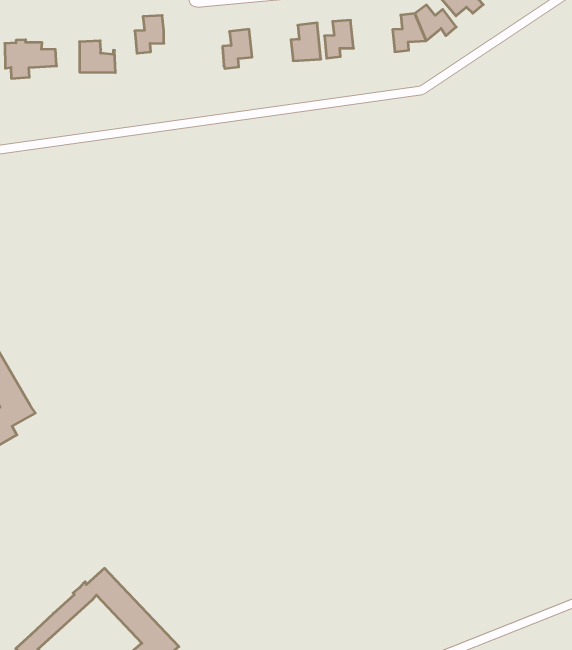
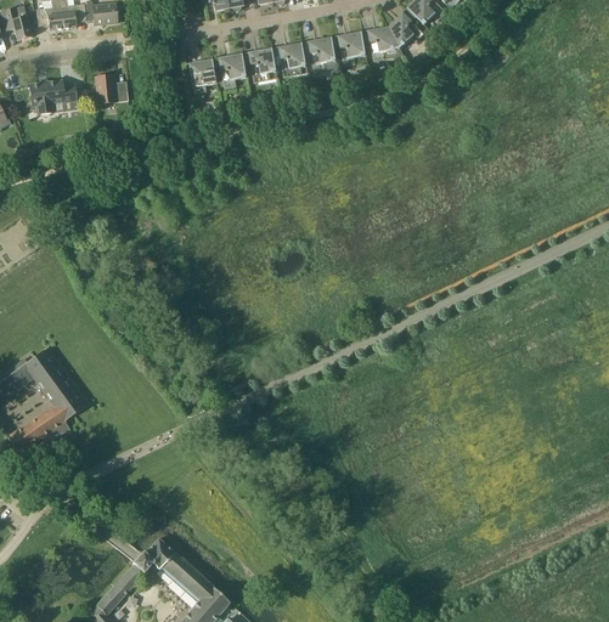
building: [135,15,164,53] -> [190,57,216,92]
building: none -> [339,29,366,66]
building: none -> [249,46,277,81]

